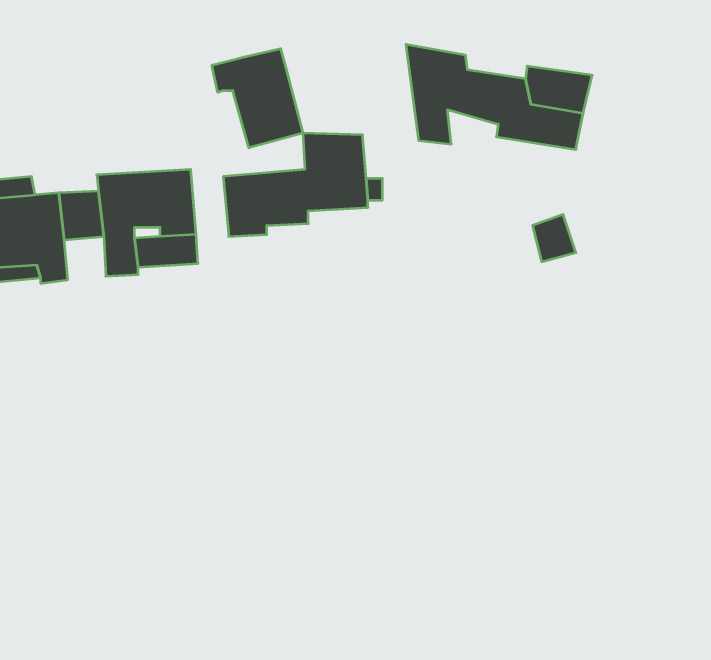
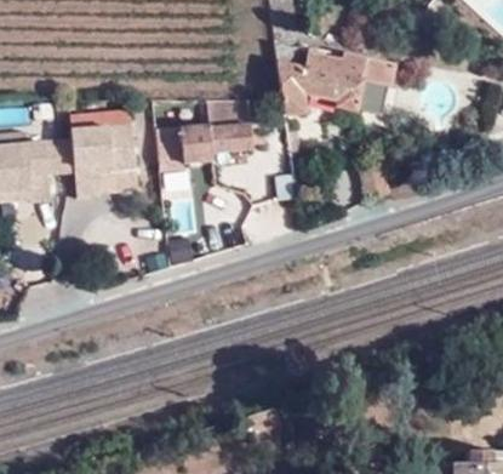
building: [212,49,303,148] -> none

